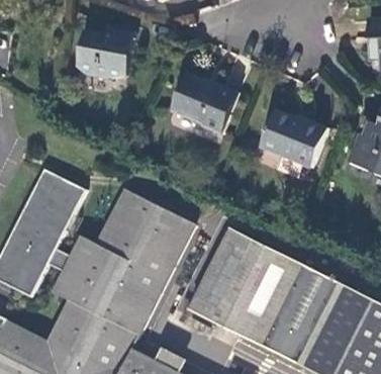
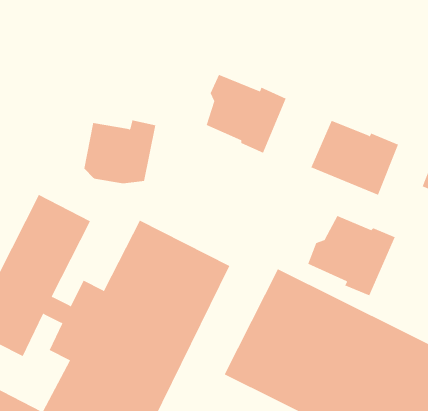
building: [78,29,135,80] -> [83,120,156,184]
building: none -> [307,215,396,296]

